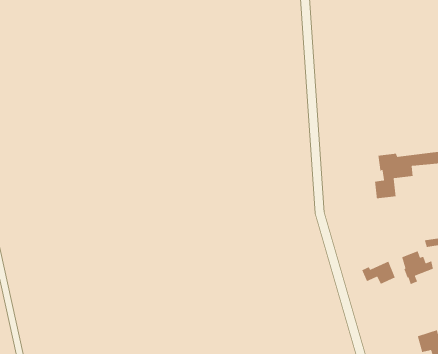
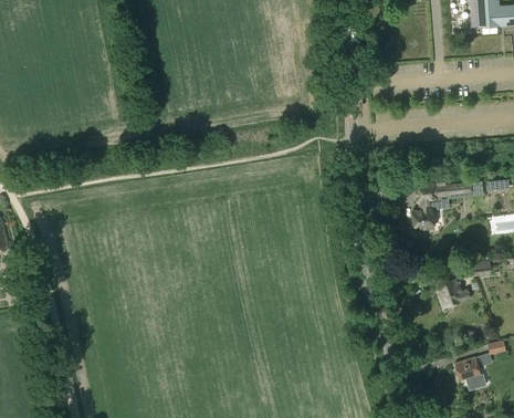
building: [361,261,396,285] -> none

